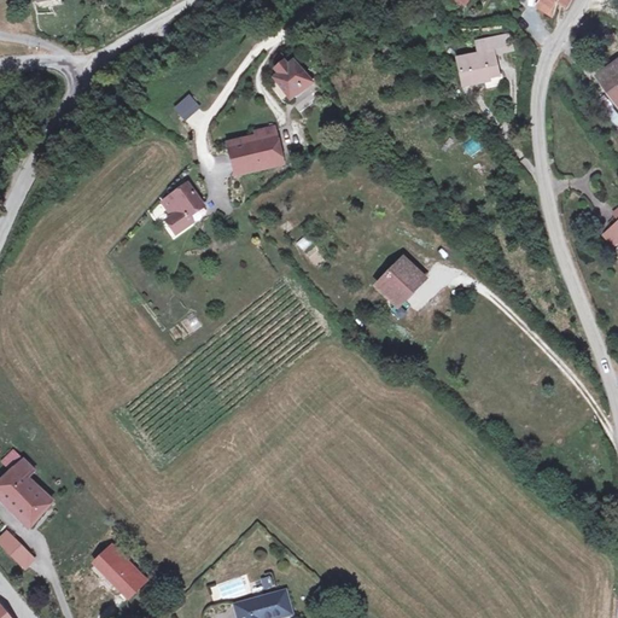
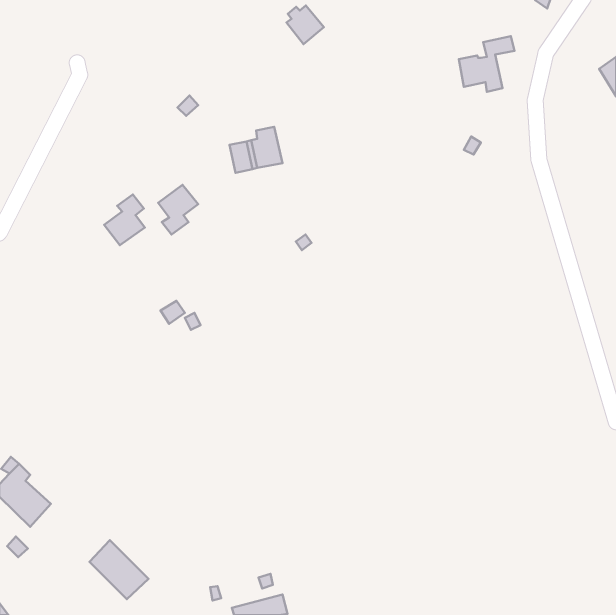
building: [275,63,313,101] -> [287,6,324,44]
building: none -> [104,195,145,245]
building: [379,257,422,301] -> none

